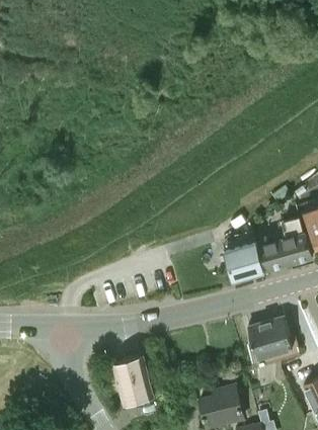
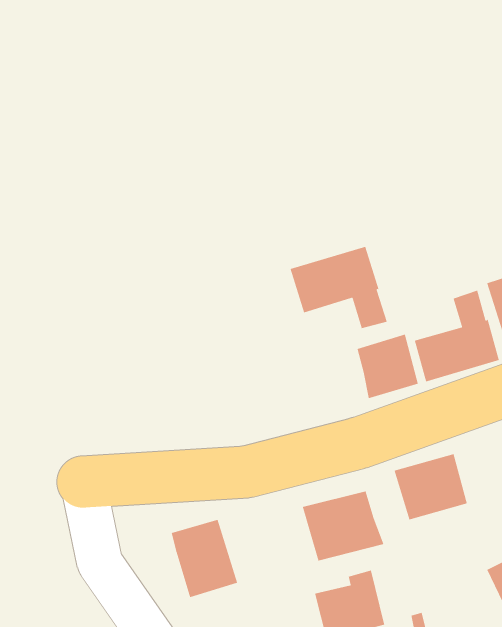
building: none -> [289,246,388,329]
building: none -> [302,491,384,561]

